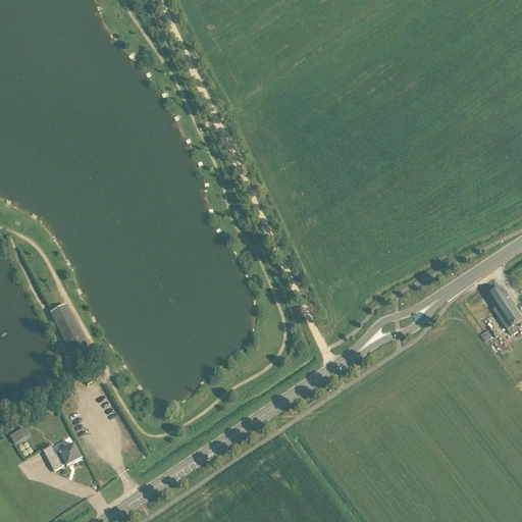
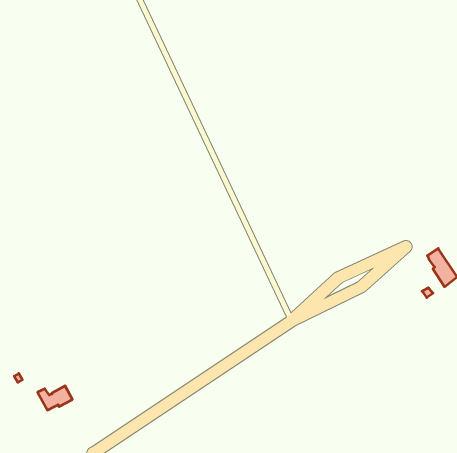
building: [53,310,85,351] -> none

